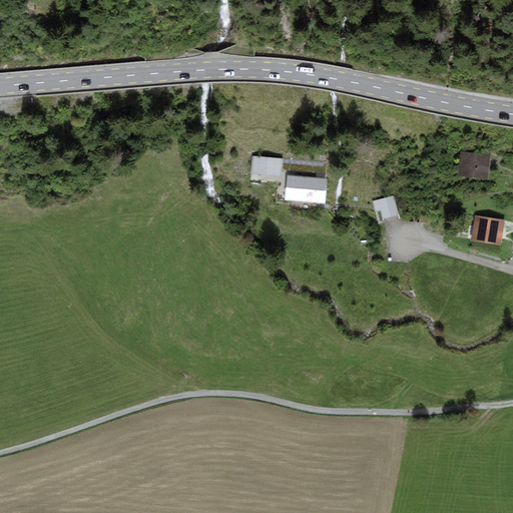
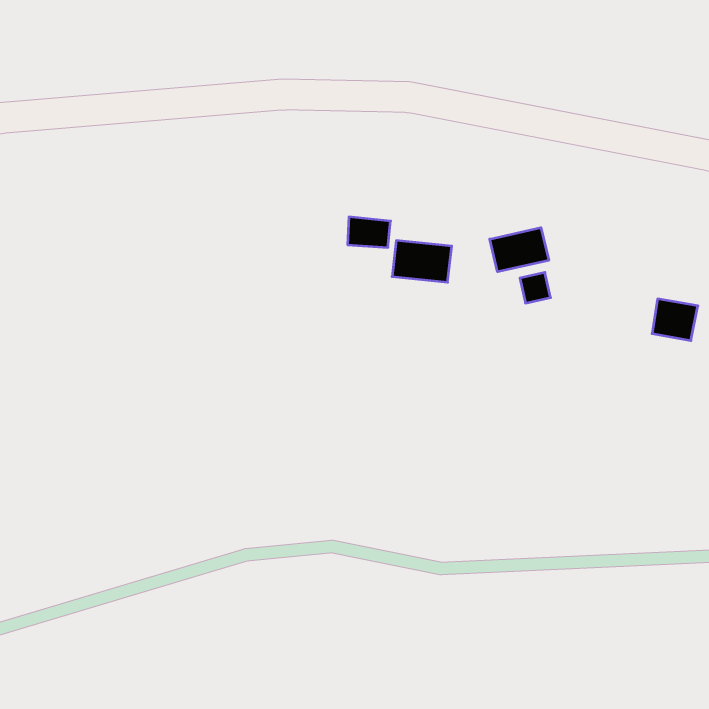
building: [457,151,490,179] -> none
building: none -> [490,228,549,272]

